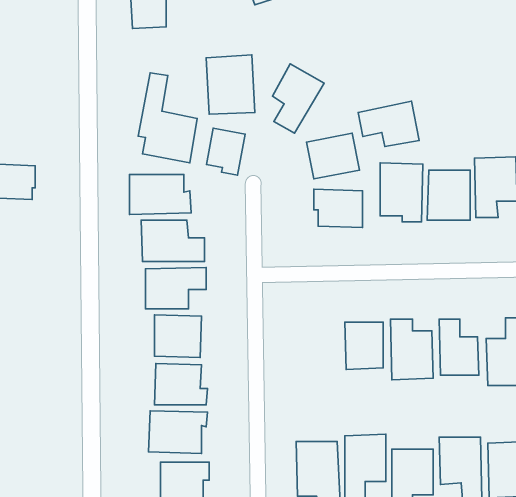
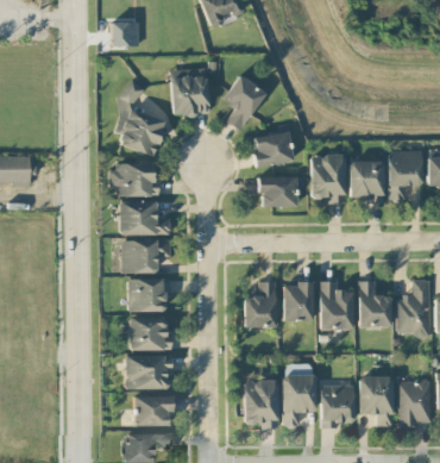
building: [358,101,419,147] -> none
building: [207,128,245,175] -> none
building: none -> [244,281,277,329]

